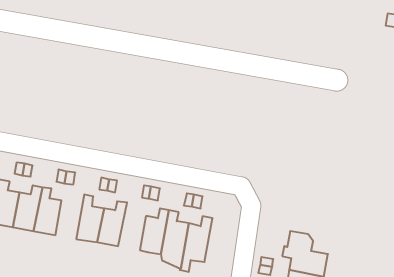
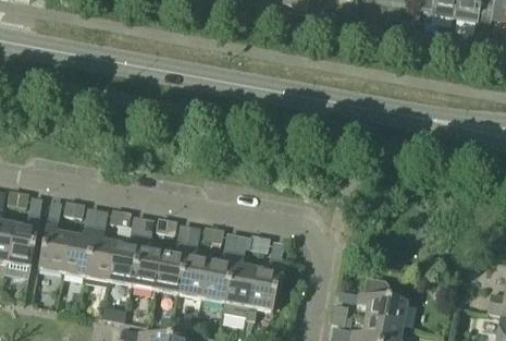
building: none -> [109,235,140,285]
building: none -> [177,245,208,297]

